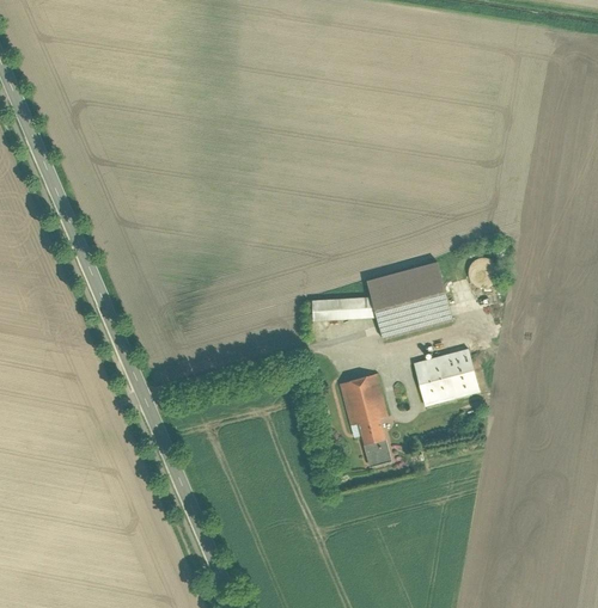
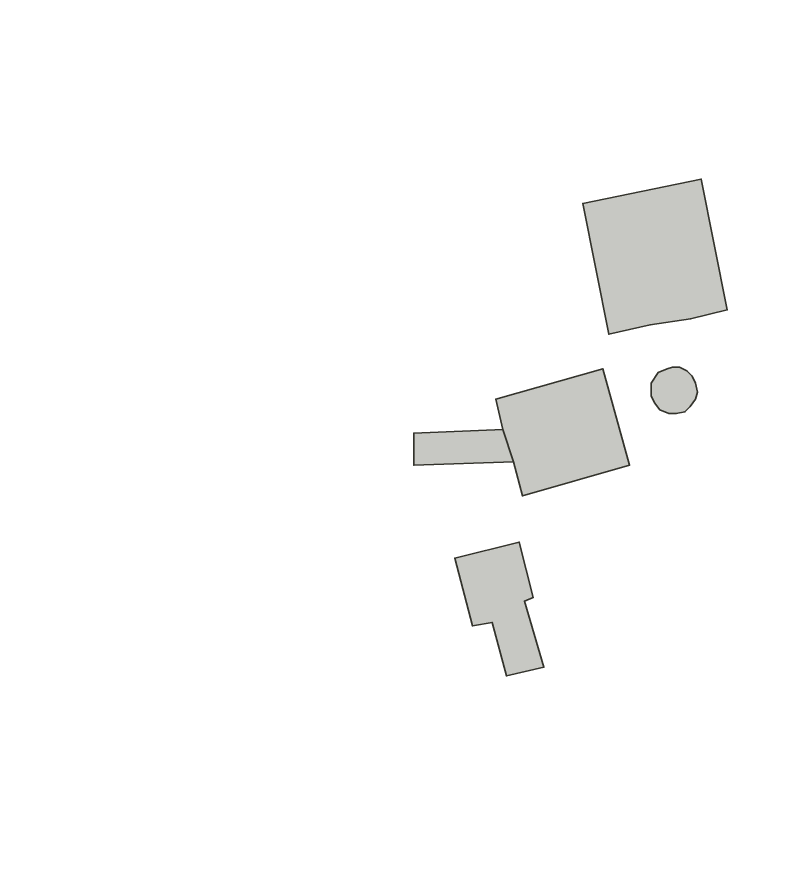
building: none -> [583,179,727,334]
building: [413,348,481,407] -> none

